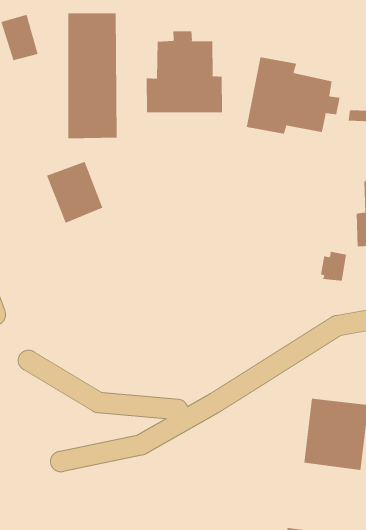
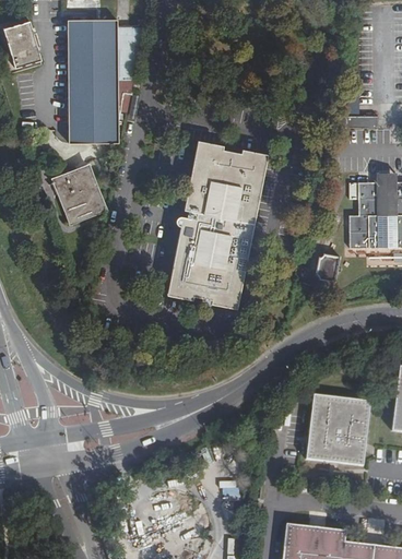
building: [146,30,223,113] -> none
building: [246,56,340,134] -> none
building: none -> [170,147,259,304]

